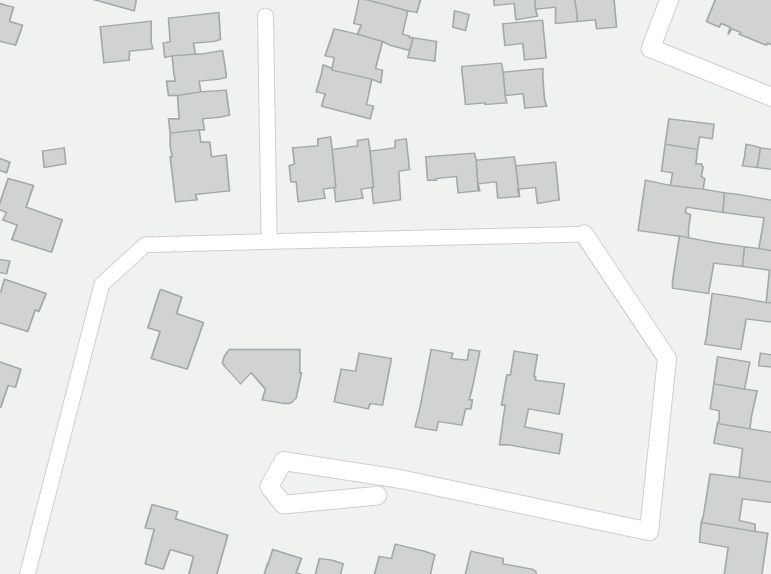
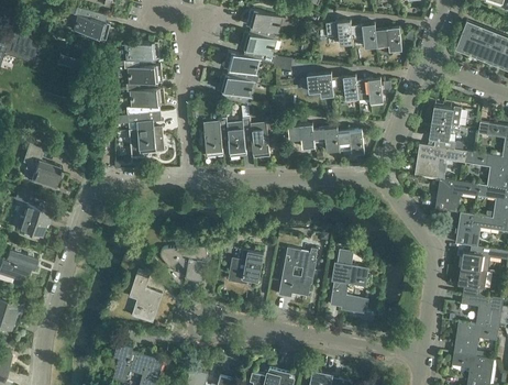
building: [503,20,546,60] -> [356,79,383,103]
building: [100,21,153,63] -> none
building: [148,290,203,369] -> [129,274,163,322]

